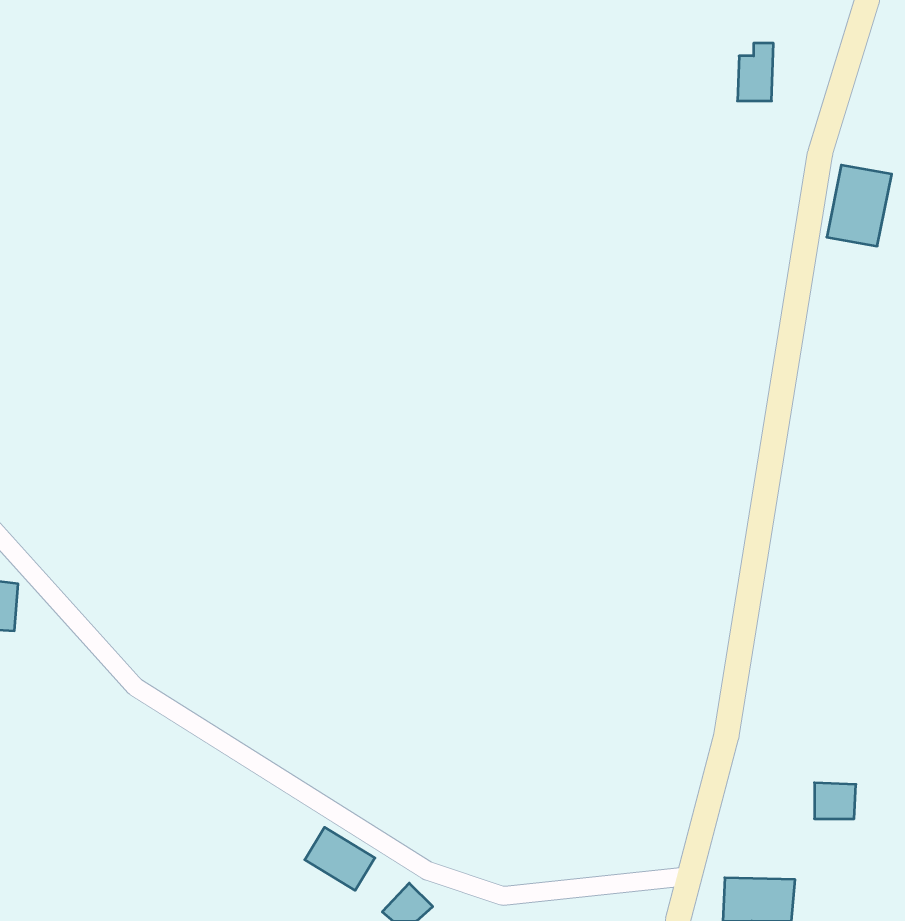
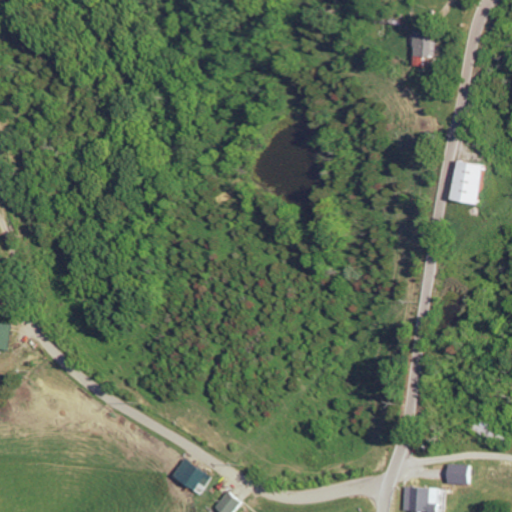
building: [827,165,892,246] -> [452,160,488,205]
building: [814,783,856,819] -> [445,464,468,484]

